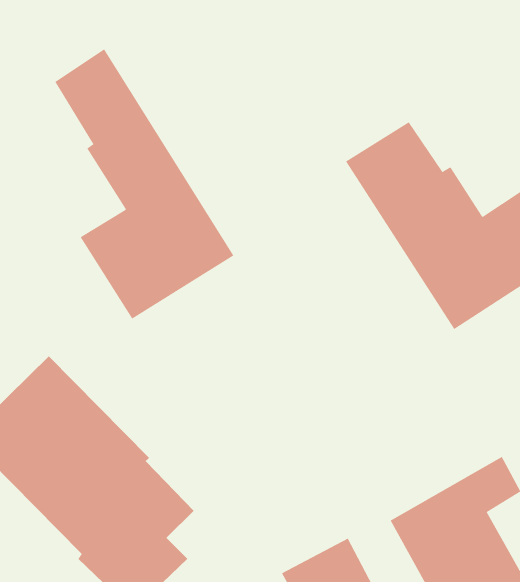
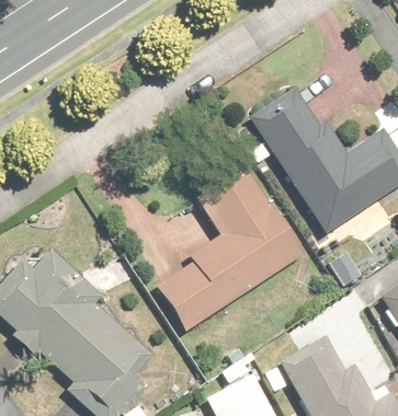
building: [55,48,234,319] -> none
building: none -> [163,166,300,330]

